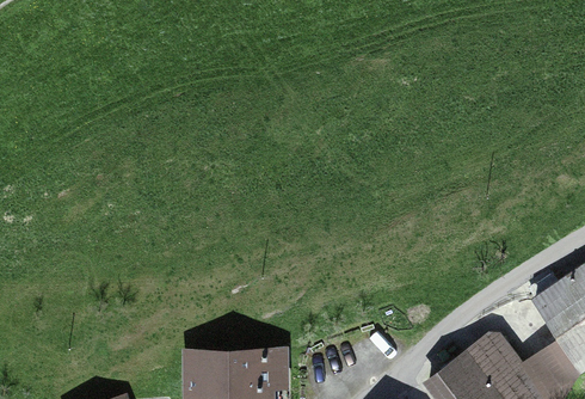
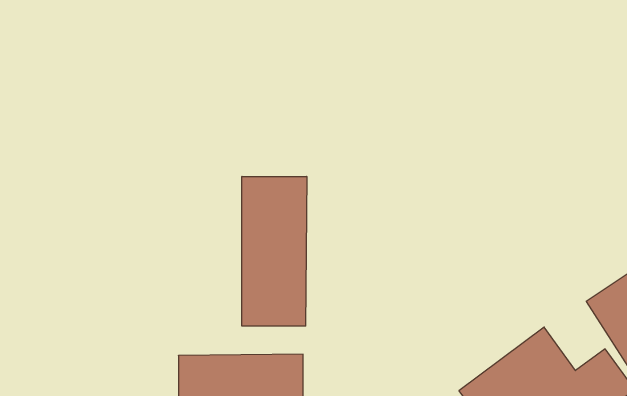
building: none -> [242,176,307,326]

